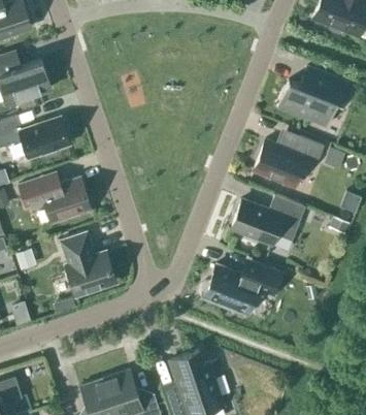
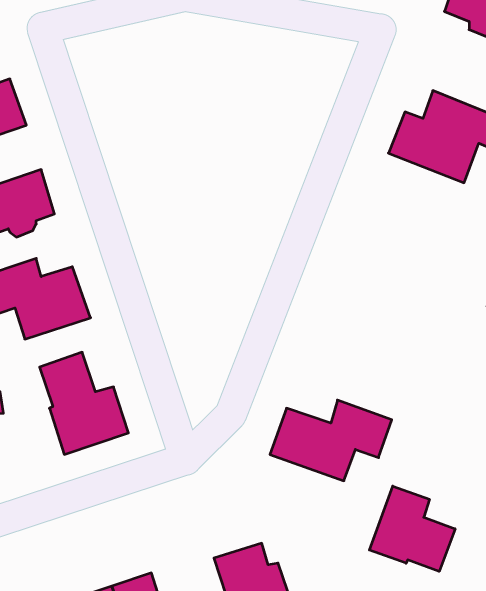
building: [255,136,325,187] -> none
building: [232,194,306,245] -> none
building: none -> [369,486,455,571]

